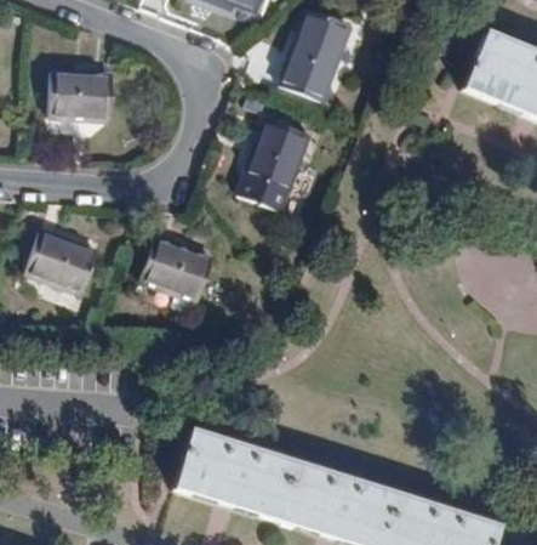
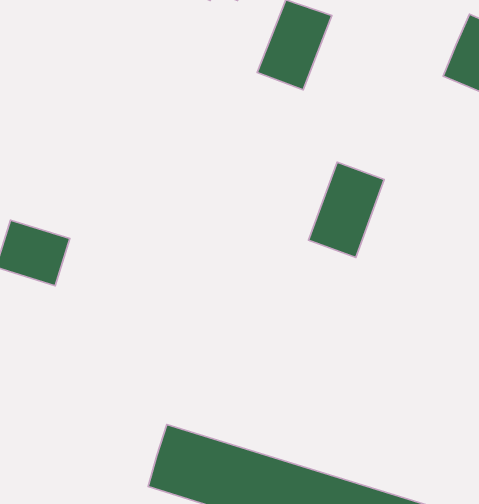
building: [48,69,112,118] -> none
building: [236,115,310,209] -> [309,162,384,258]
building: [142,235,212,301] -> none

